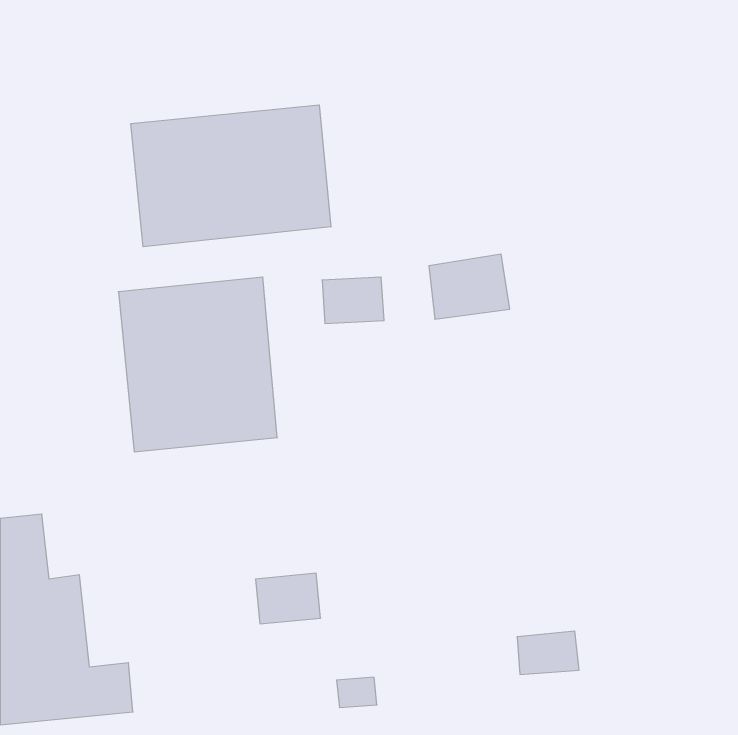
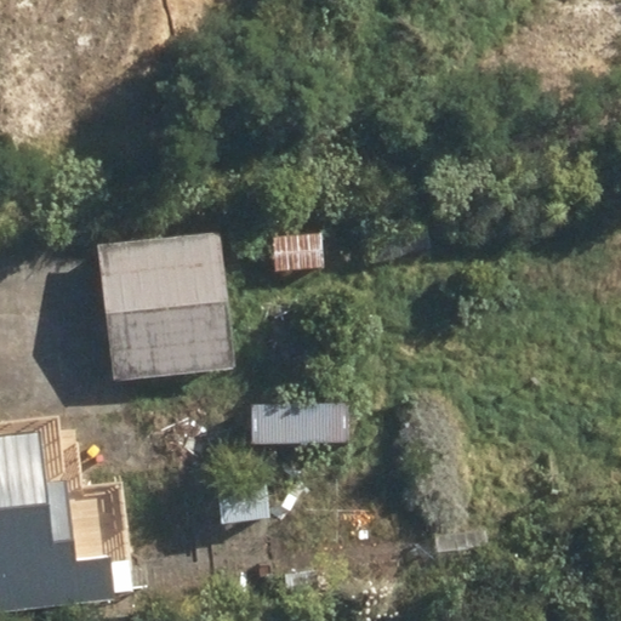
building: [131,105,331,247] -> none

